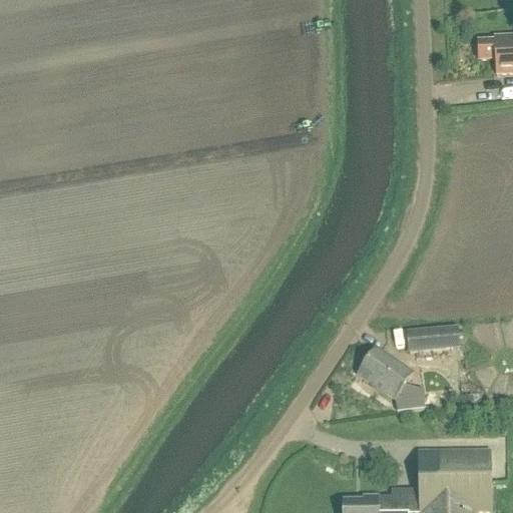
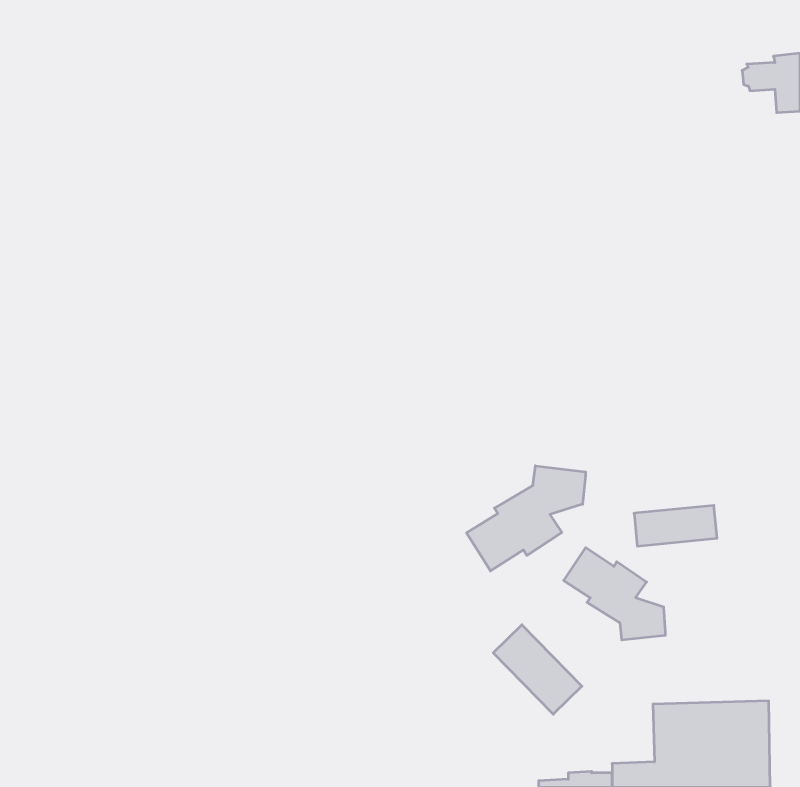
building: none -> [467,466,586,571]
building: none -> [493,625,582,714]

